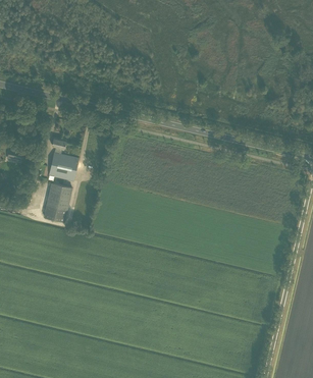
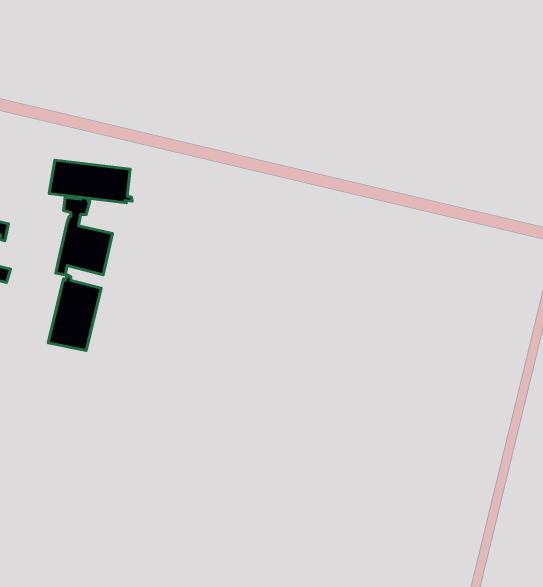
building: none -> [49,160,132,203]

